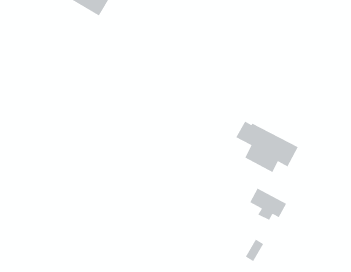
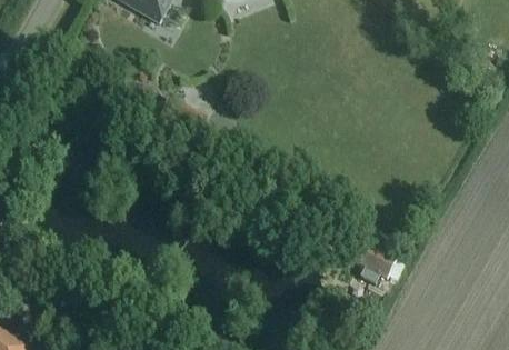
building: [235,120,299,173] -> none

